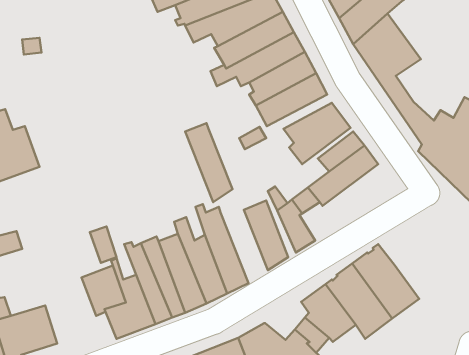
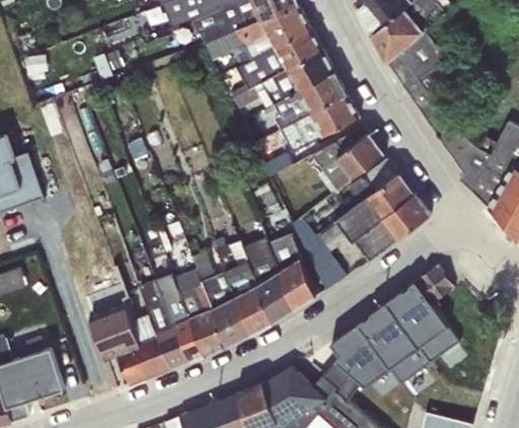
building: [185,123,233,202] -> [241,237,293,324]
building: none -> [353,194,429,262]
building: none -> [414,265,453,303]

